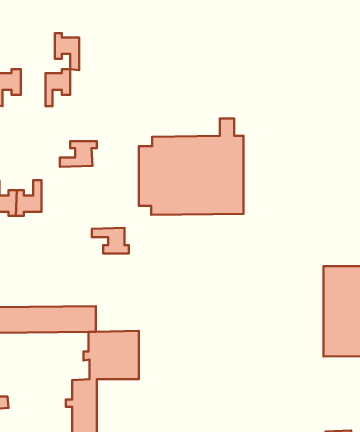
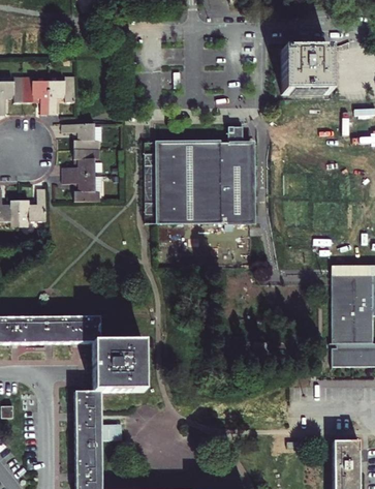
building: [55,33,79,70] -> [26,77,51,114]
building: none -> [283,51,330,96]
building: none -> [64,122,102,149]
building: [92,228,129,253] -> [65,174,102,200]

